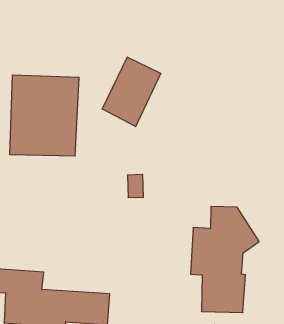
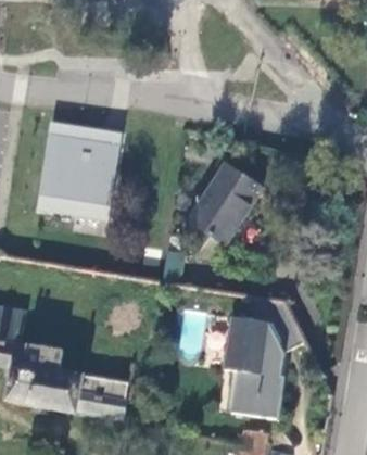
building: [102,57,161,126] -> [191,165,262,244]

